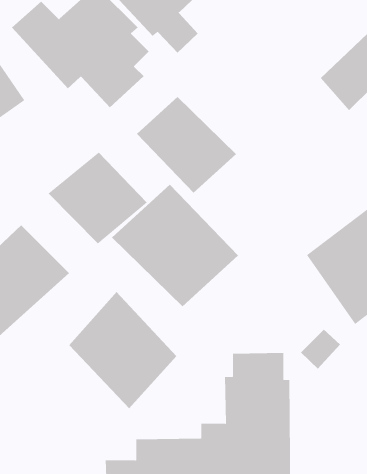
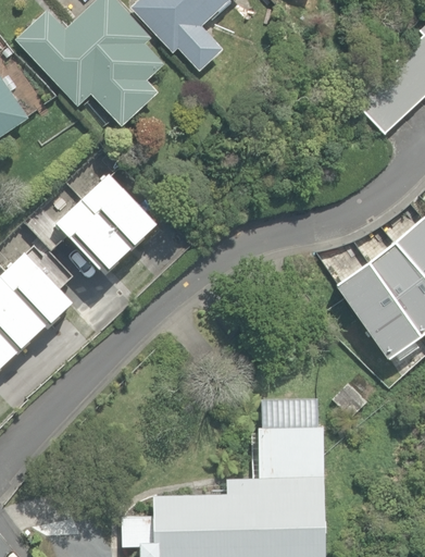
building: [136,96,237,194] -> none
building: [111,184,239,307] -> none
building: [69,291,177,409] -> none

